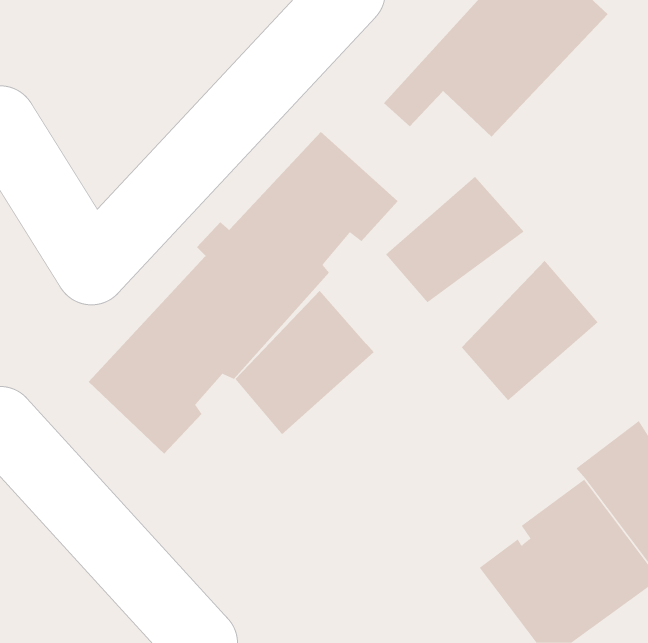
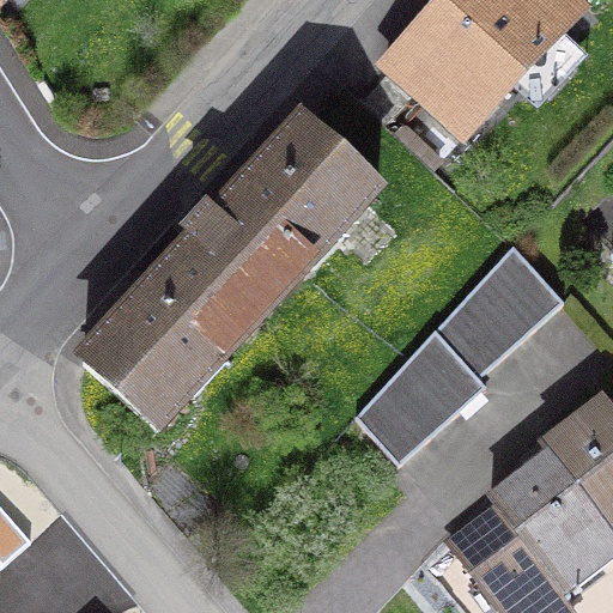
building: [385,176,525,303] -> none
building: [235,290,375,435] -> [356,327,487,463]

